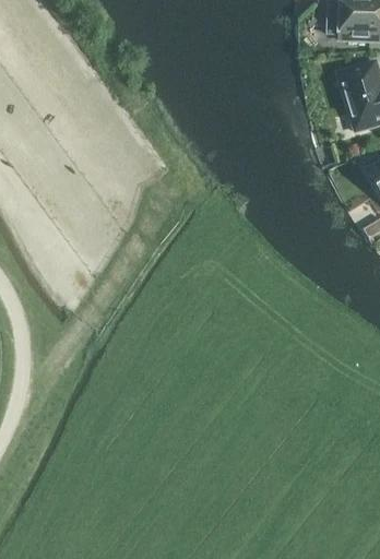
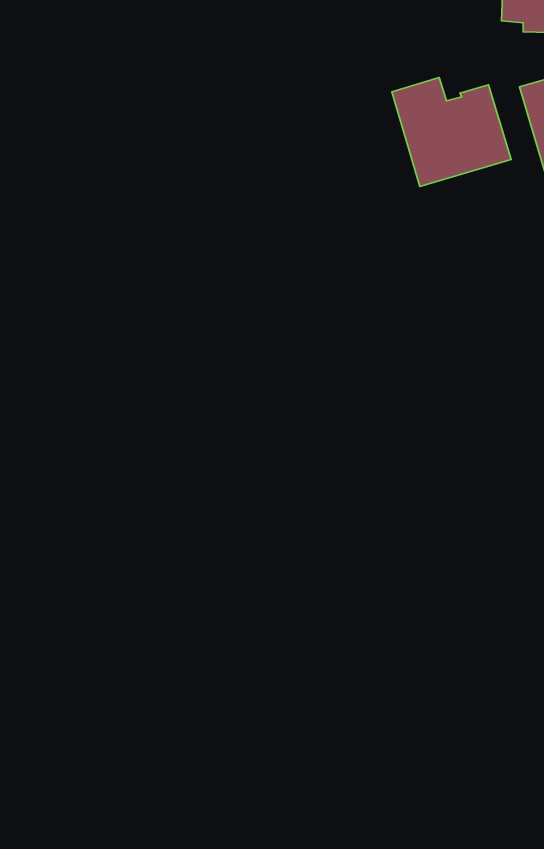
building: none -> [392,77,511,186]

